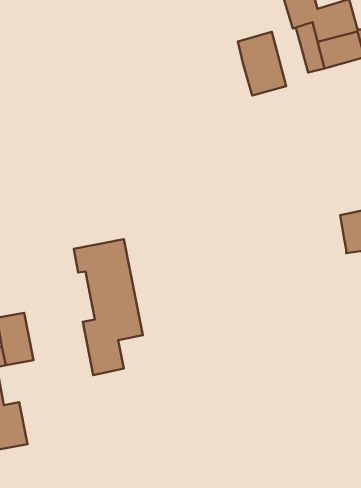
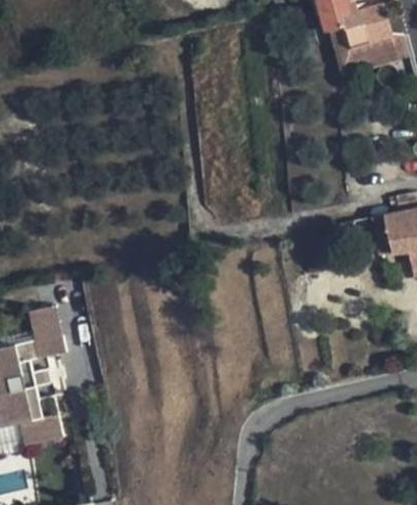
building: [238,32,286,96] -> none
building: [74,239,143,375] -> none

